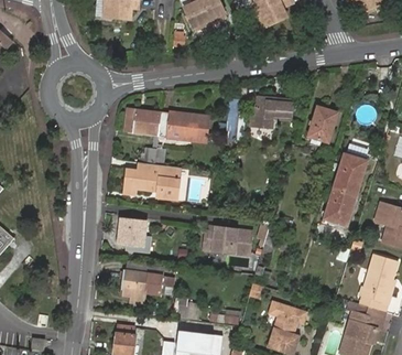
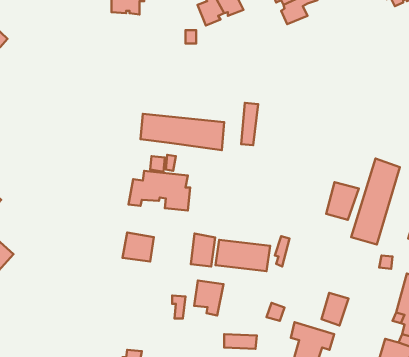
building: [251,95,293,120] -> none
building: [308,106,338,140] -> [326,182,359,220]
building: none -> [191,233,215,267]
building: [122,270,149,302] -> [194,281,223,316]
building: none -> [321,293,349,325]

